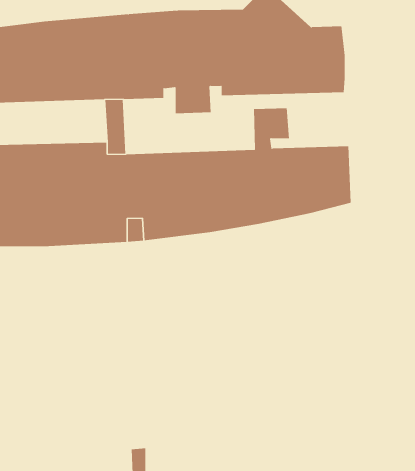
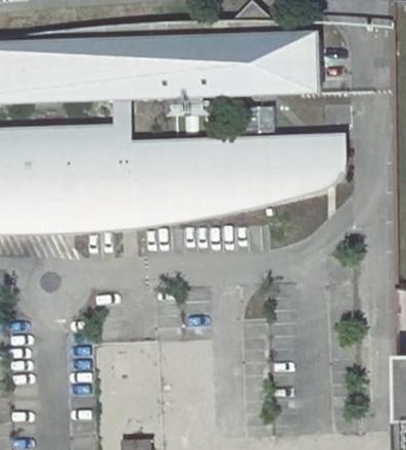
building: none -> [320,137,344,187]

